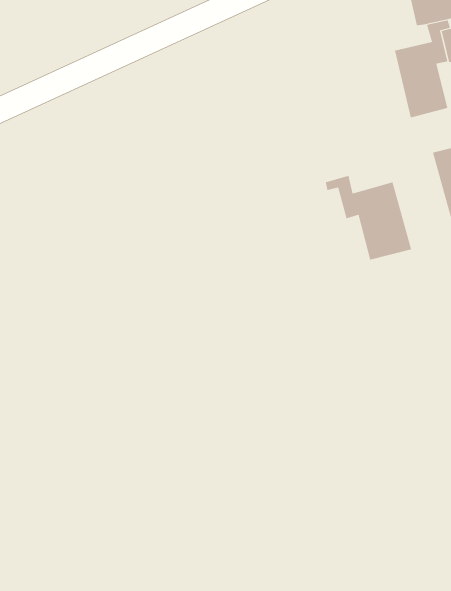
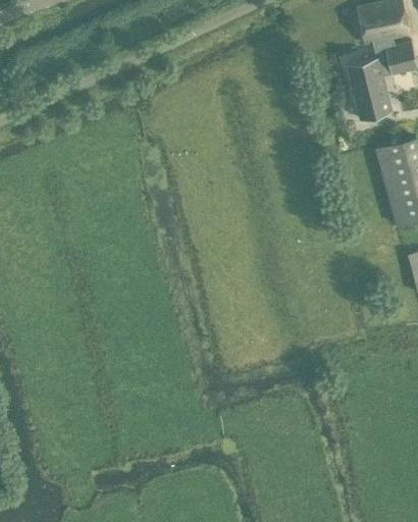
building: [325,175,412,261] -> none

